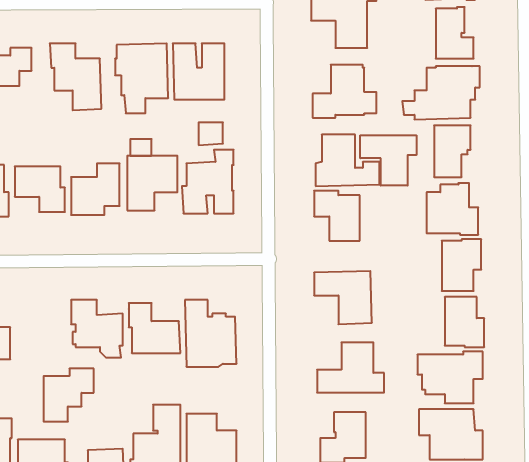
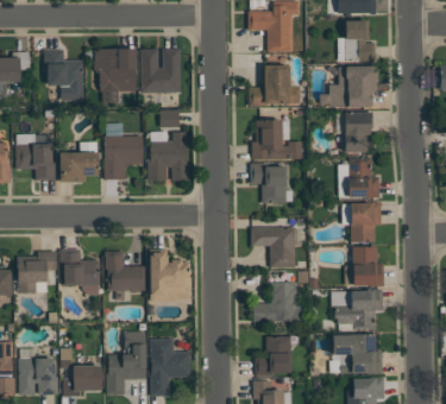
building: [360,135,416,186] -> none
building: [44,369,94,422] -> [18,252,57,293]

